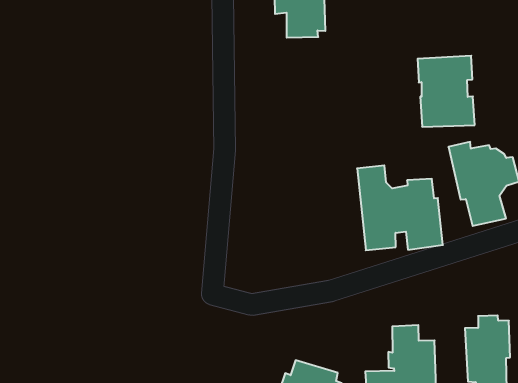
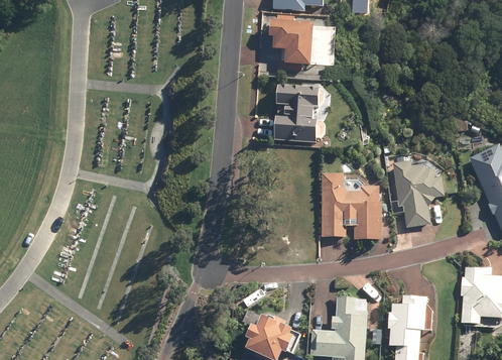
building: [418,56,475,127] -> [274,86,318,141]

